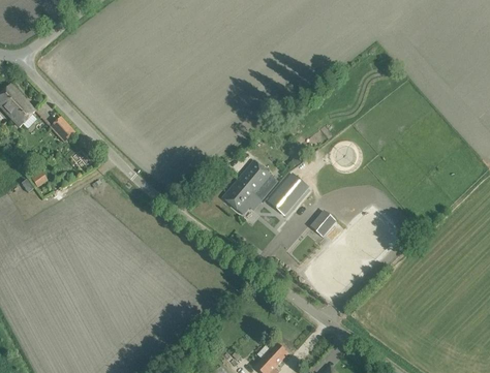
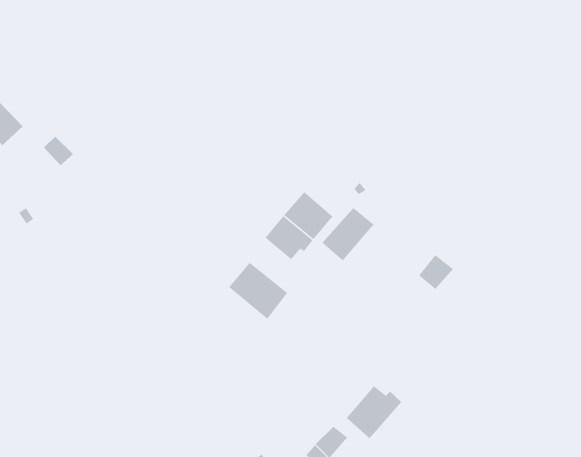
building: [307,209,335,237] -> [418,254,454,290]
building: none -> [228,262,288,320]
building: none -> [346,385,402,439]

